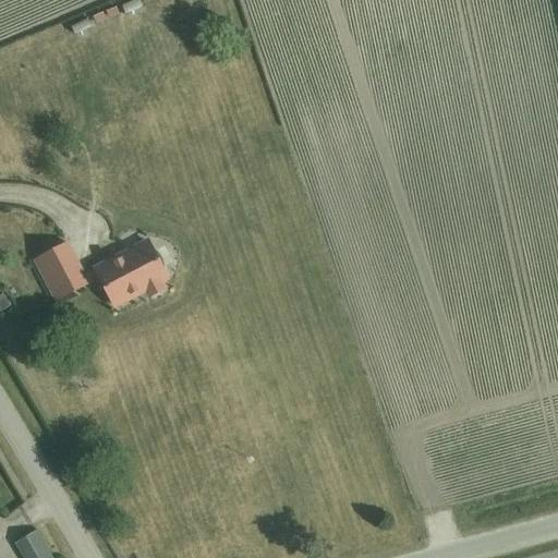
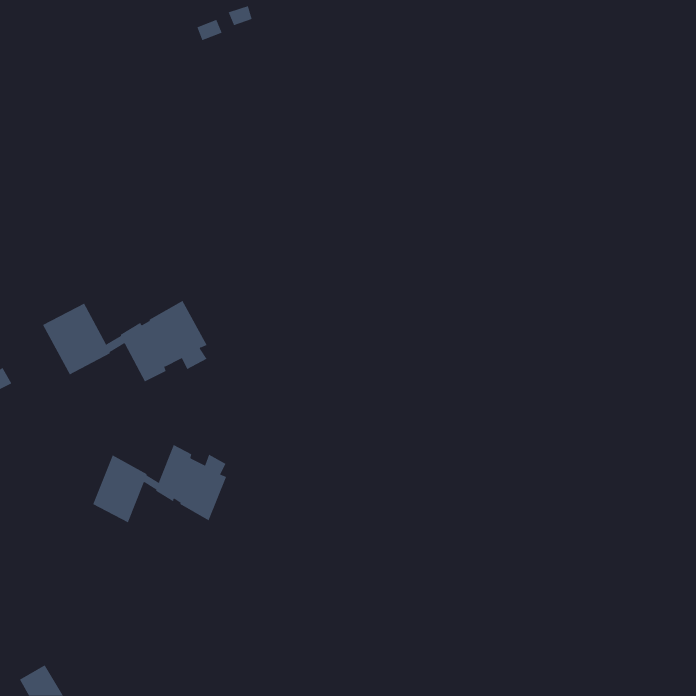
building: none -> [93,444,227,523]

